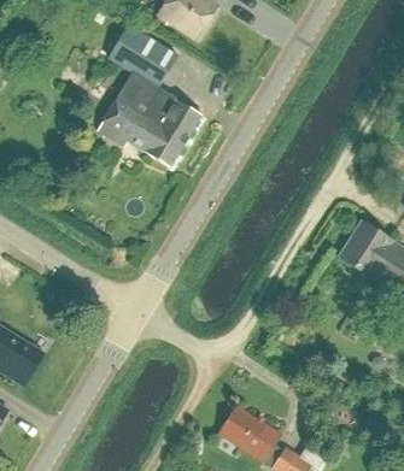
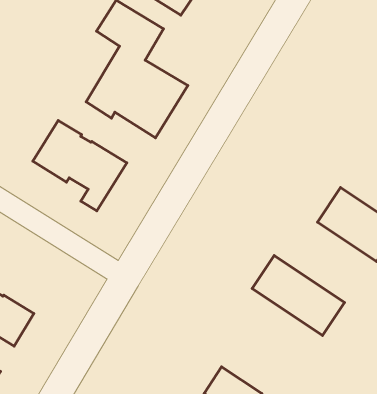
building: none -> [33,120,127,211]
building: none -> [252,255,345,335]

